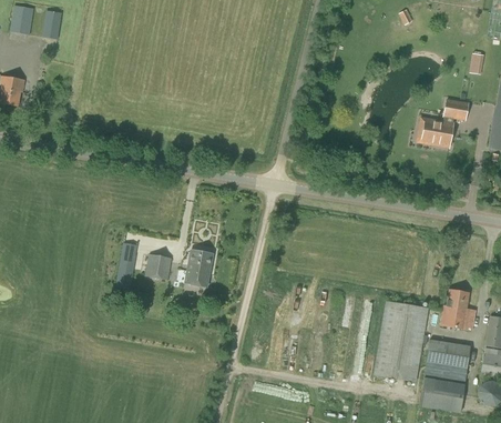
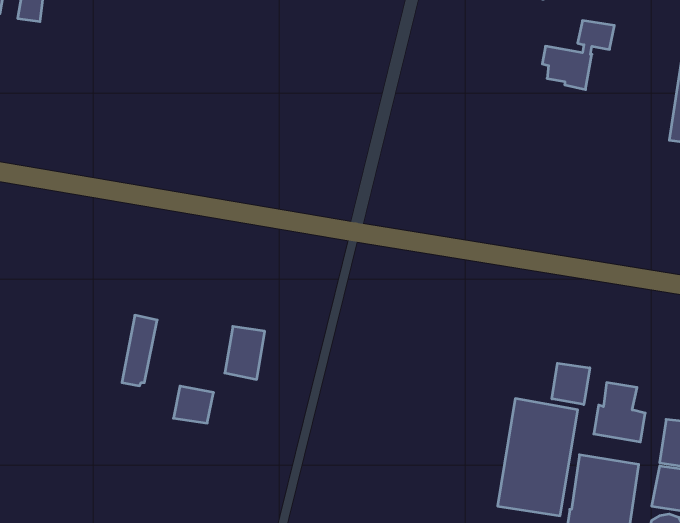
building: [419,100,469,148] -> [542,21,614,90]
building: [144,254,172,280] -> [173,386,214,423]
building: none -> [552,363,590,405]

